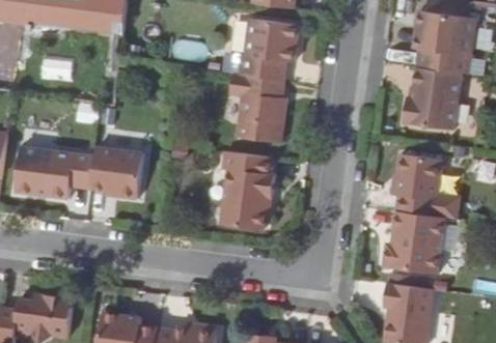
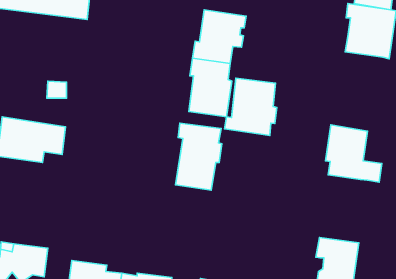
building: [404,69,461,133] -> none
building: none -> [225,78,277,135]
building: [88,147,141,200] -> none
building: [384,212,443,276] -> none

